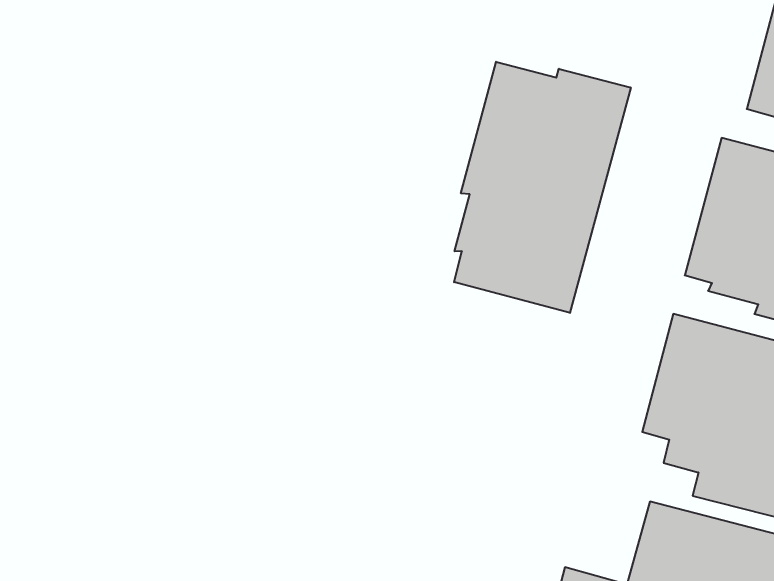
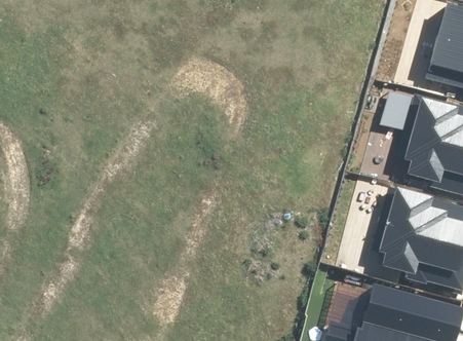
building: [454,62,631,313] -> none

